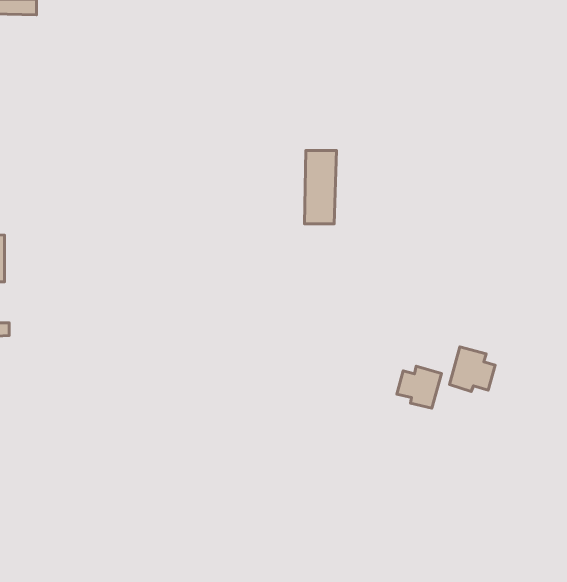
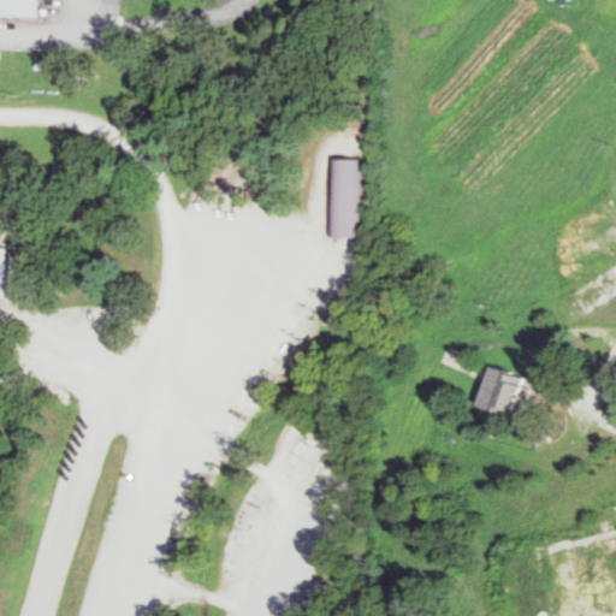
building: [397,366,441,408] -> none

